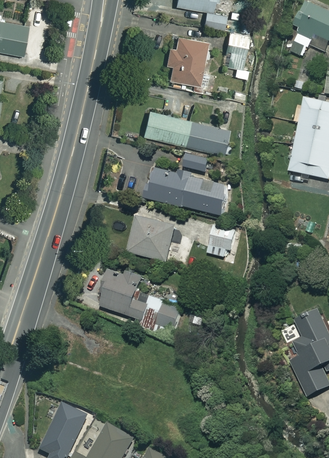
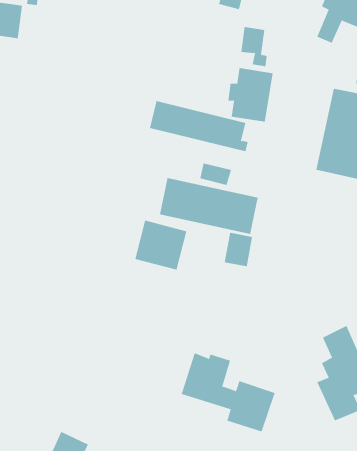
building: [163,35,204,84] -> [228,68,273,122]
building: [98,269,183,340] -> [181,353,276,432]

